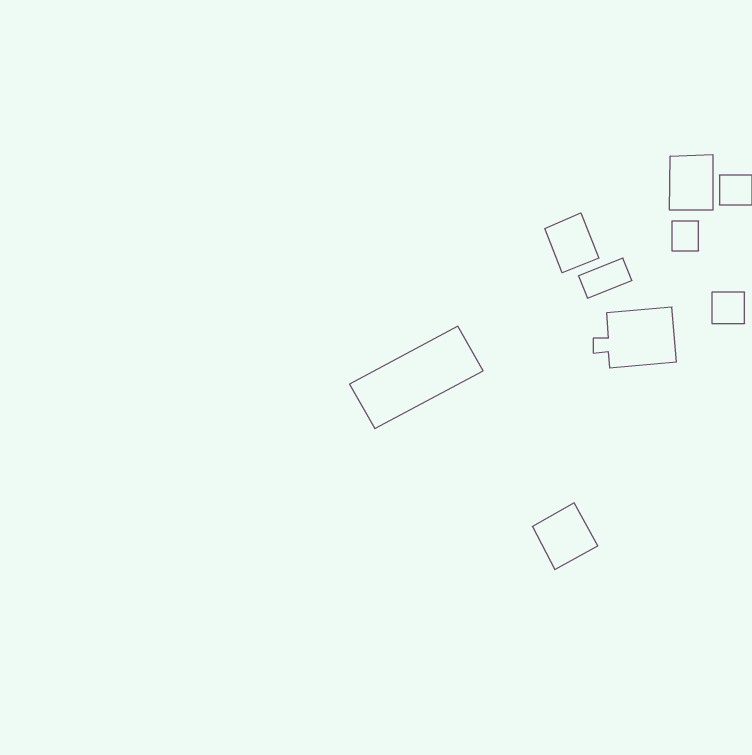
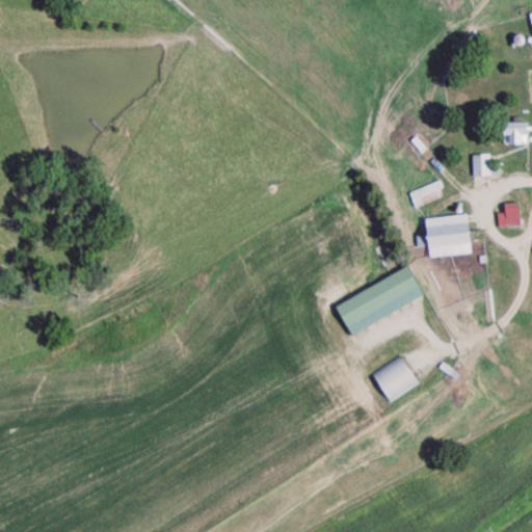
building: [670,155,713,210] -> none
building: [545,213,599,273] -> none
building: [350,326,483,429] -> [331,266,425,338]

